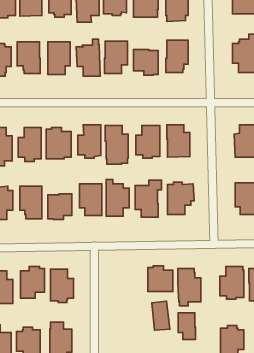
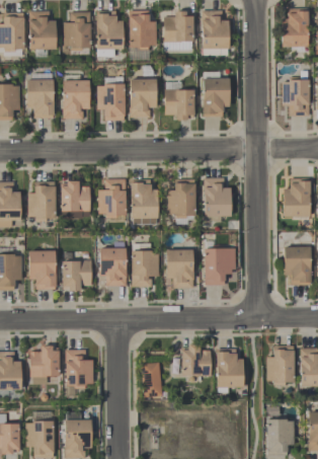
building: [152,301,170,330] -> [141,363,162,397]
building: [178,313,196,340] -> none

